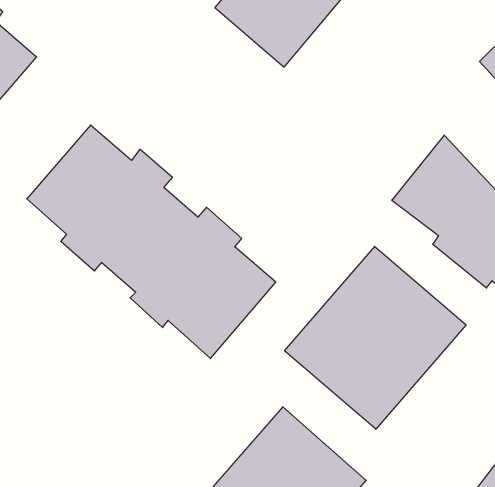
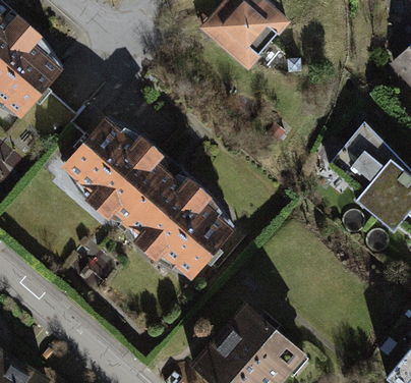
building: [285,246,466,429] -> none

